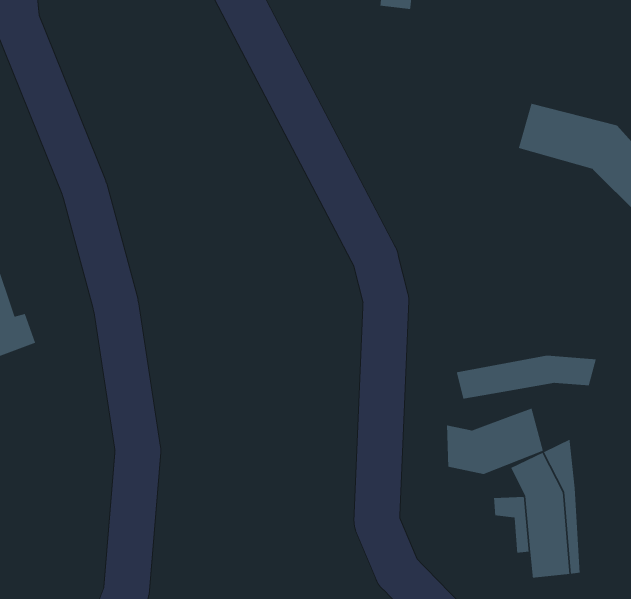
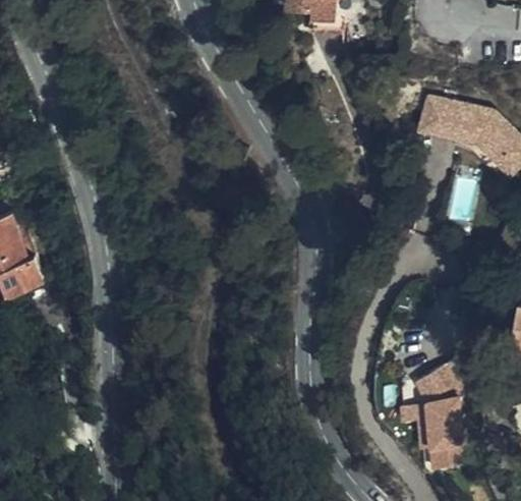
building: [456,355,597,400] -> none
building: [446,407,544,475] -> none

